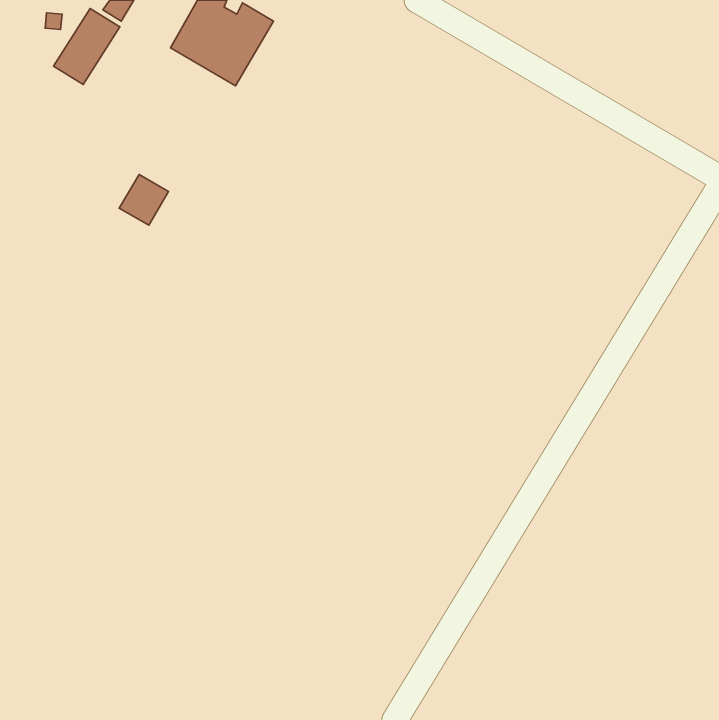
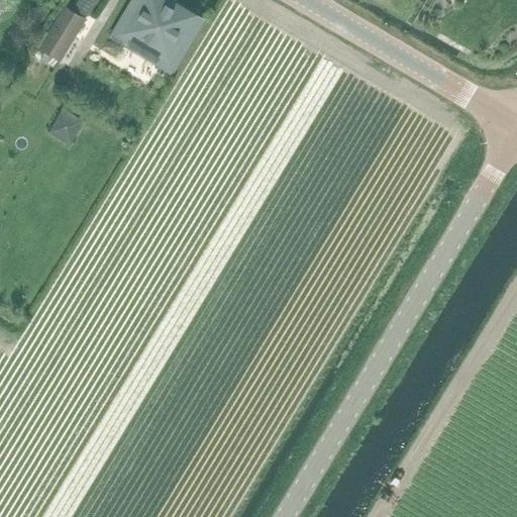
building: [119,174,169,225] -> [47,108,83,144]

